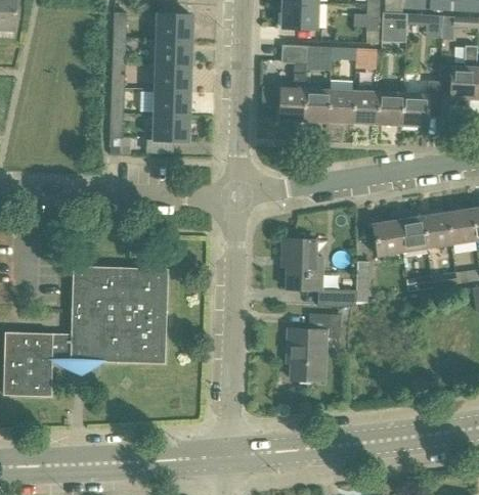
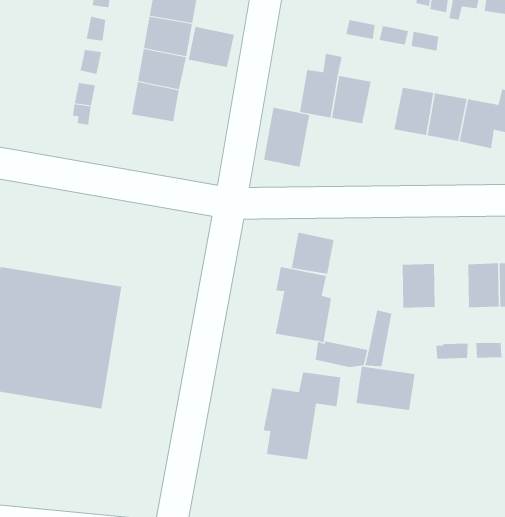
building: [281,43,307,74] -> none
building: none -> [188,26,234,68]
building: [329,89,354,123] -> none
building: none -> [264,107,310,167]
building: none -> [291,232,334,275]
building: [397,216,427,252] -> none
building: none -> [356,366,415,411]

